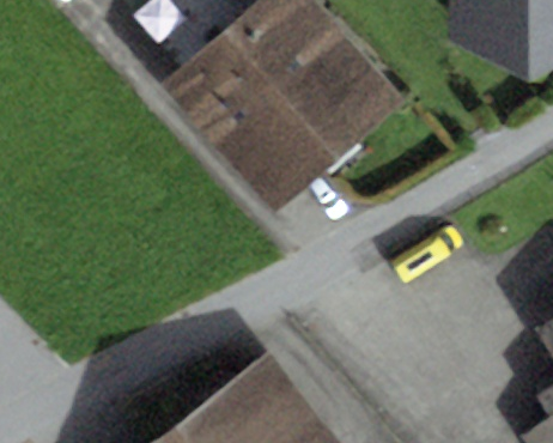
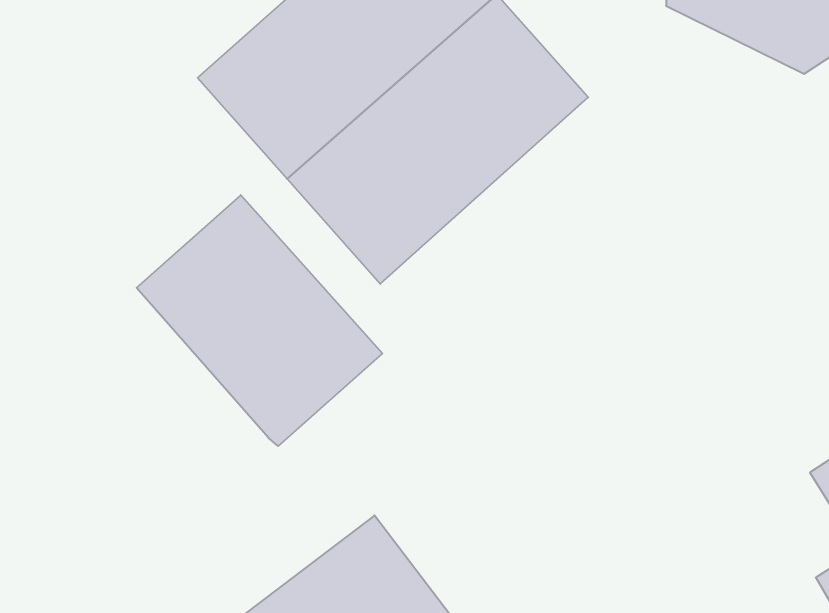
building: none -> [137,195,382,446]

